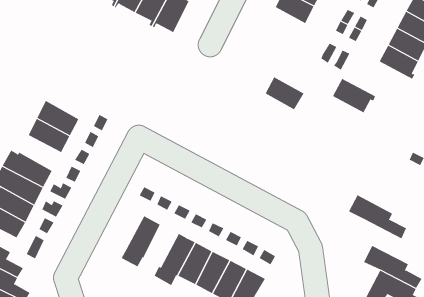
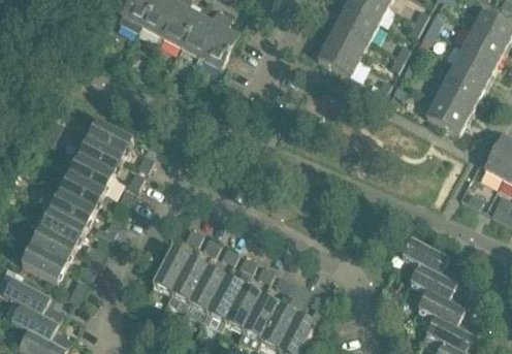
building: [265,76,305,110] -> [317,41,358,76]
building: [332,78,376,113] -> [424,98,470,134]
building: none -> [88,119,133,158]
building: none -> [60,174,104,212]
building: none -> [154,249,190,293]
building: none -> [410,262,472,309]
building: none -> [190,267,226,312]

